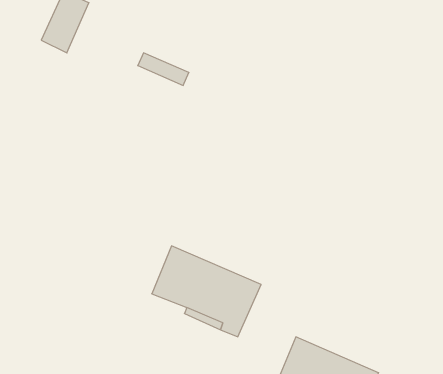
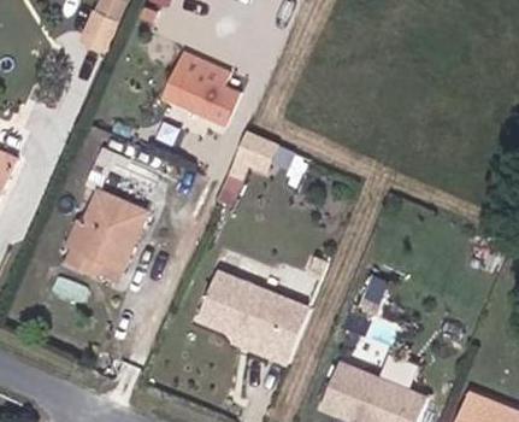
building: none -> [160,75,222,129]
building: none -> [63,200,149,293]

